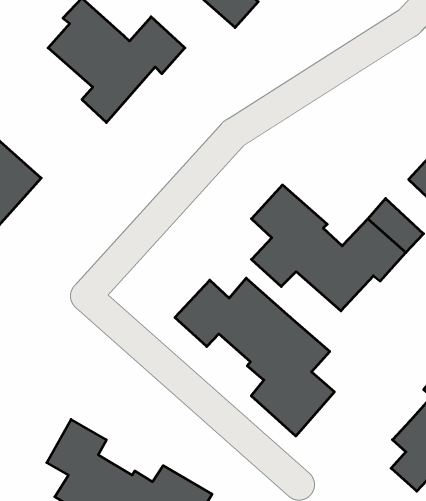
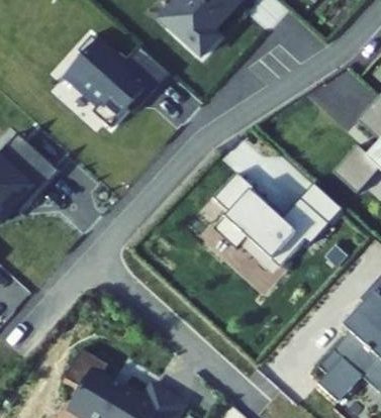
building: [175,278,334,436] -> none

